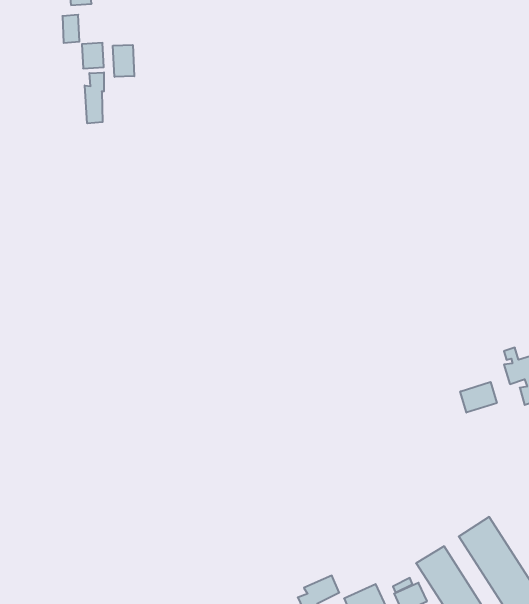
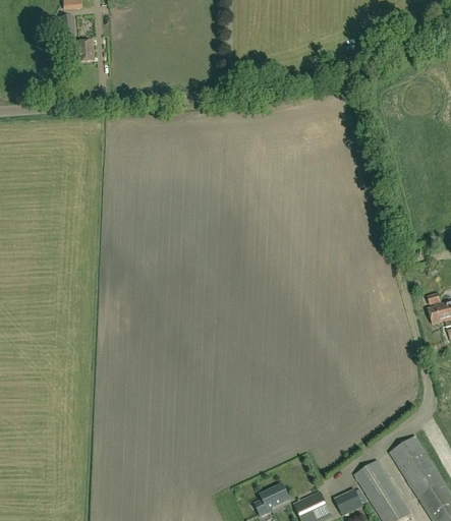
building: [113,45,134,77] -> none
building: [85,72,104,123] -> none
building: [460,382,497,413] -> none

